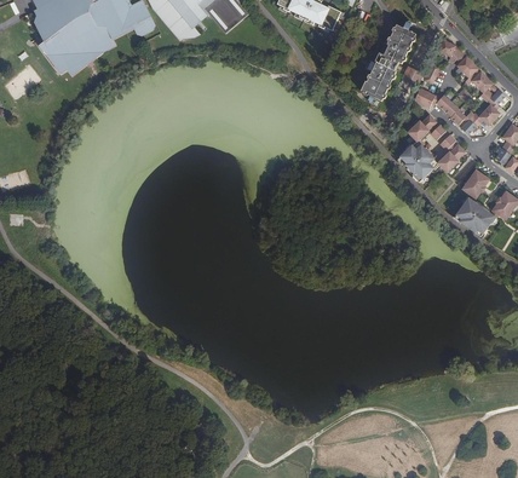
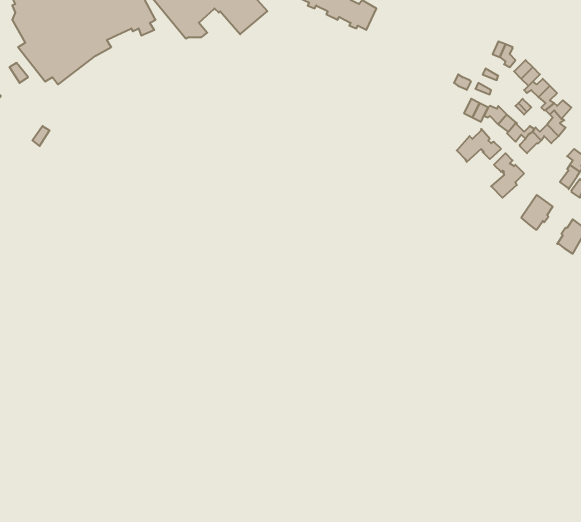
building: [361,22,415,99] -> none
building: [397,138,437,180] -> none
building: [455,196,496,235] -> none

